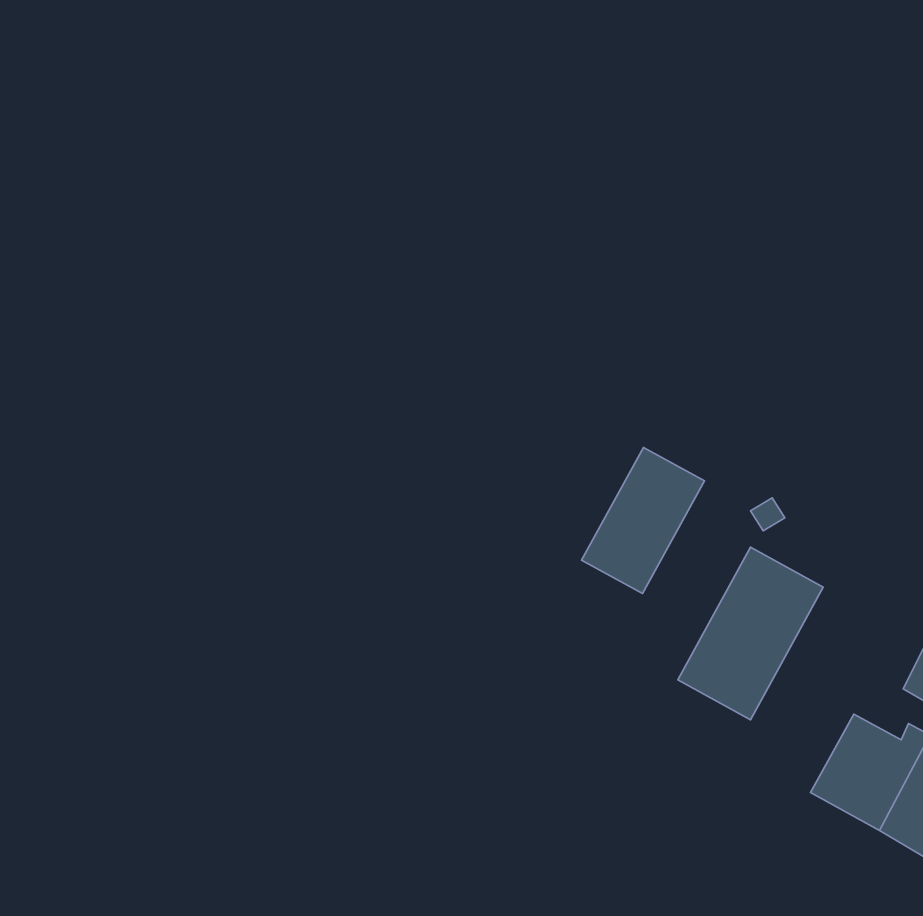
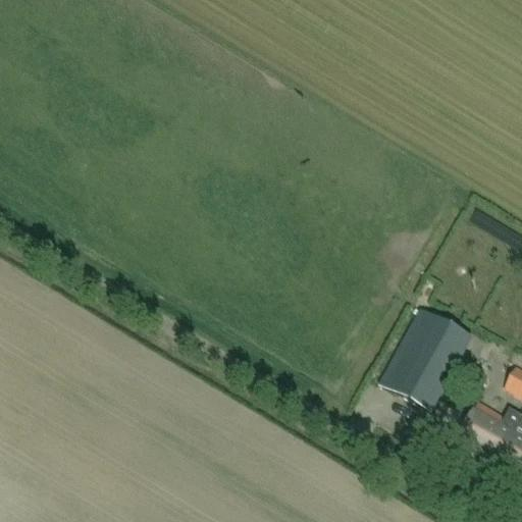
building: [582,447,704,594] -> none

